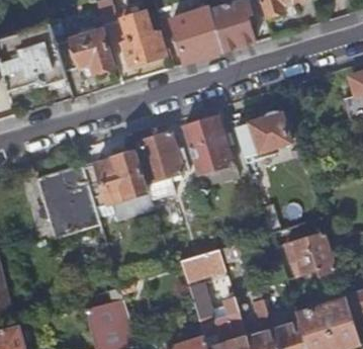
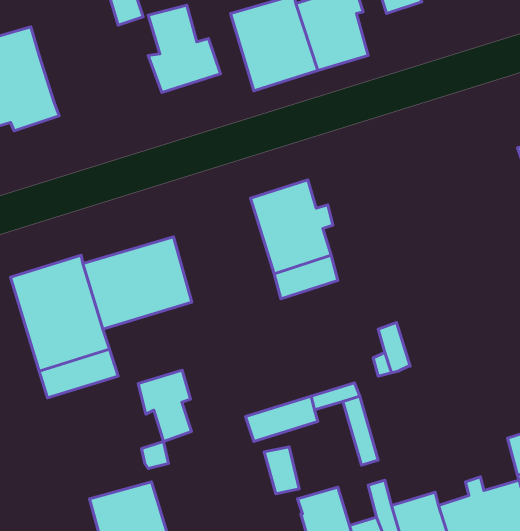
building: [57,27,115,72] -> none
building: [234,110,298,160] -> none
building: [138,130,189,181] -> none
building: [285,231,337,275] -> none
building: none -> [138,370,192,442]

